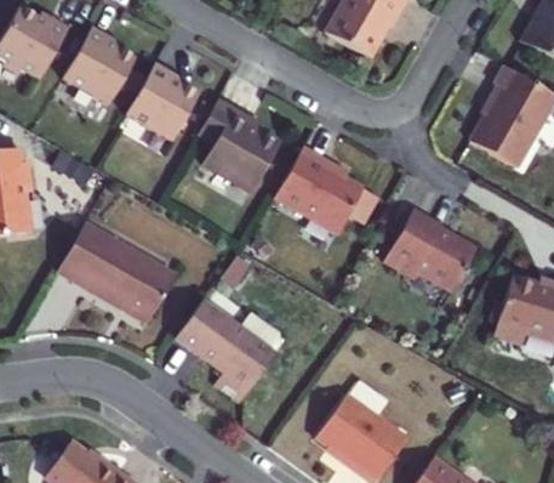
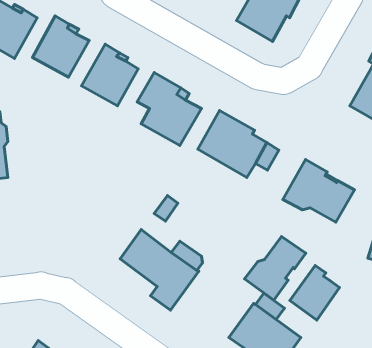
building: [57,223,176,323] -> none
building: none -> [244,236,306,300]
building: none -> [290,266,340,320]

